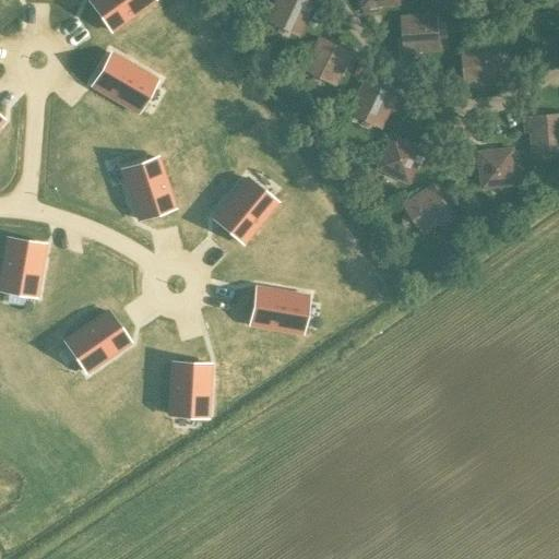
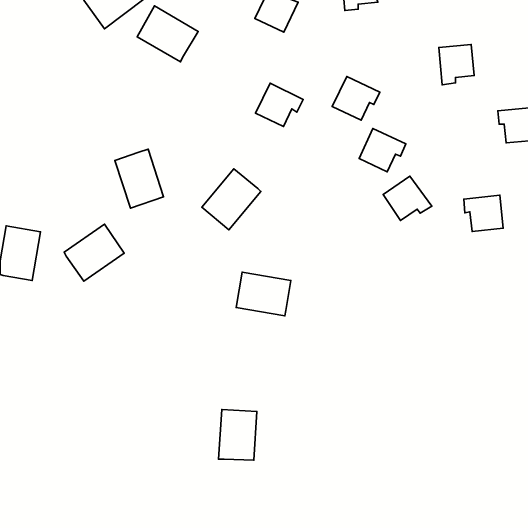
building: [403,15,440,56] -> none
building: [307,37,357,83] -> [256,83,303,127]
building: [92,52,156,111] -> [137,6,198,62]
building: [475,148,516,187] -> [464,195,503,231]
building: [66,311,129,371] -> [64,224,124,281]
building: [169,362,210,416] -> [219,410,257,460]

